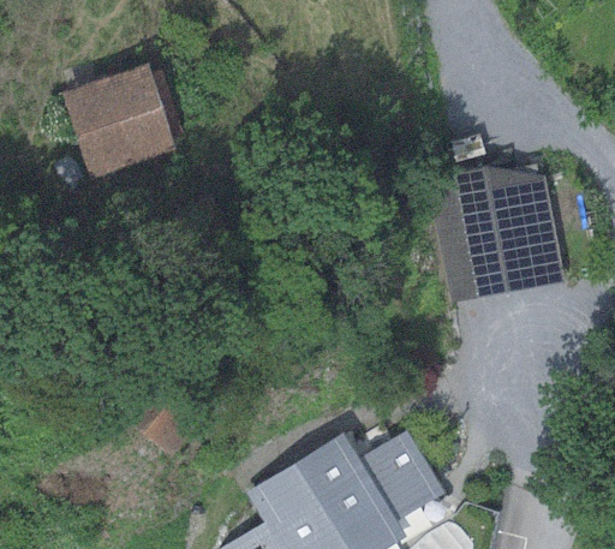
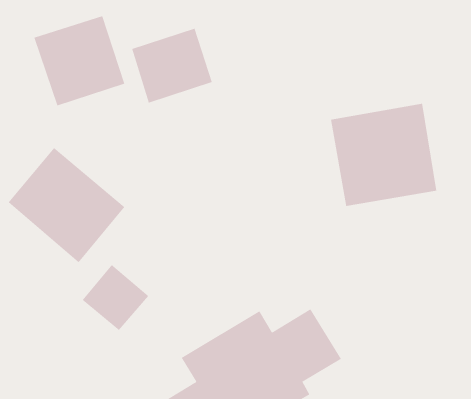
building: none -> [132,28,212,104]
building: none -> [8,147,125,263]

